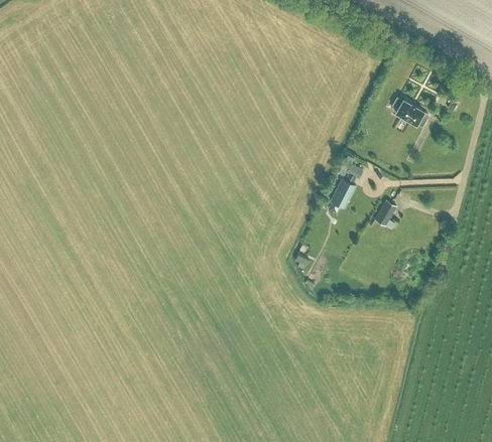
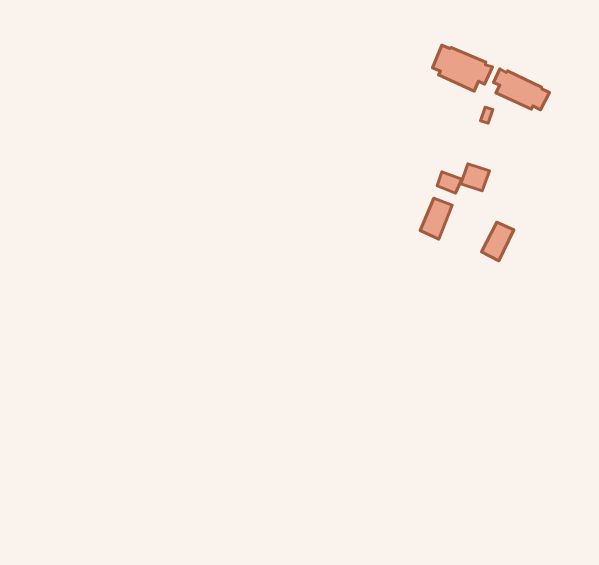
building: none -> [433,45,493,91]

